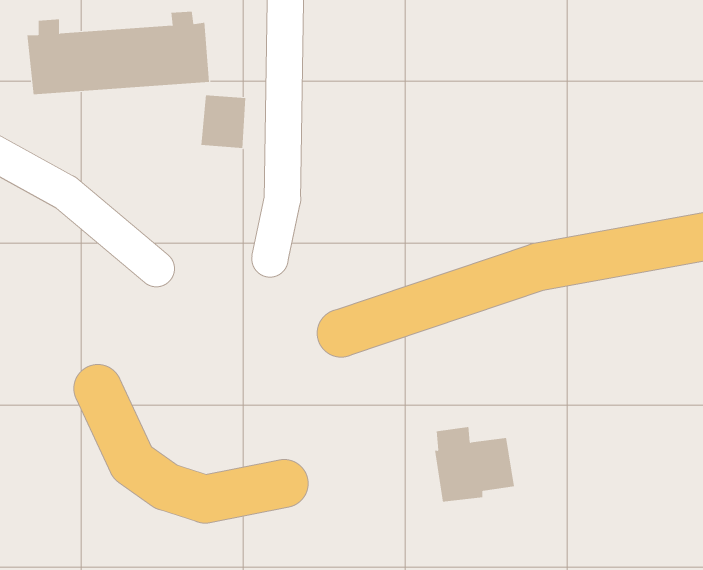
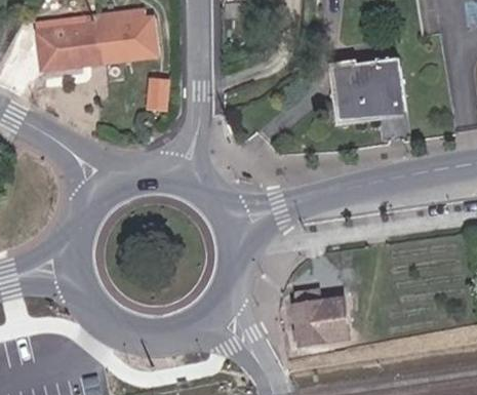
building: none -> [336,51,404,112]

